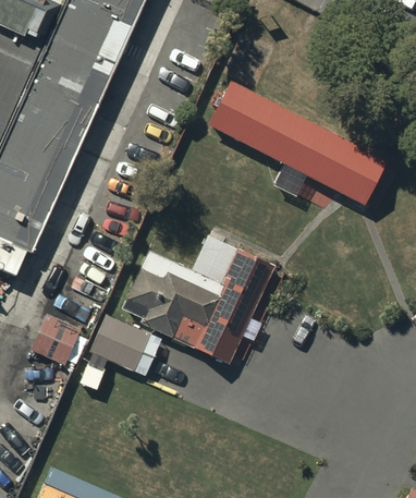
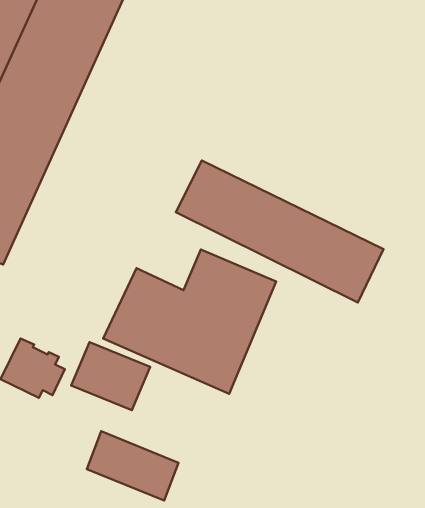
building: [205,80,388,205] -> [176,160,384,302]
building: none -> [87,431,178,501]

